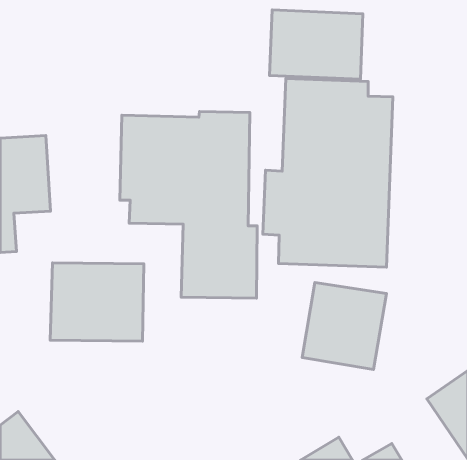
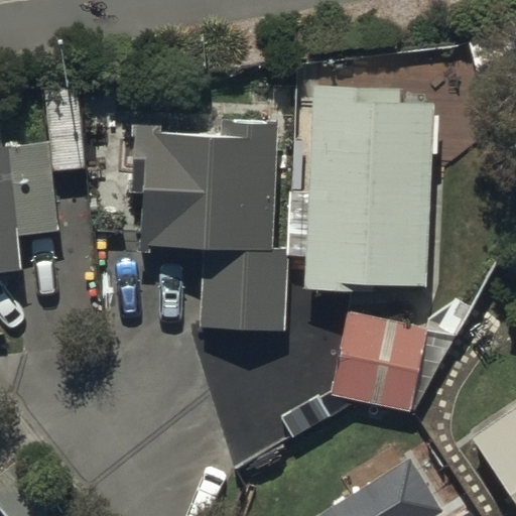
building: [270,10,363,79] -> none
building: [50,263,144,341] -> none

